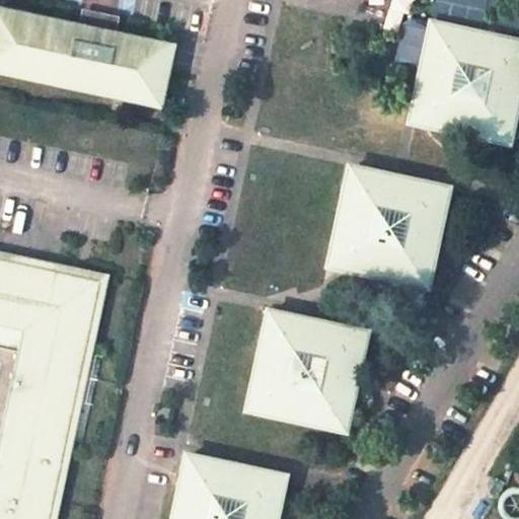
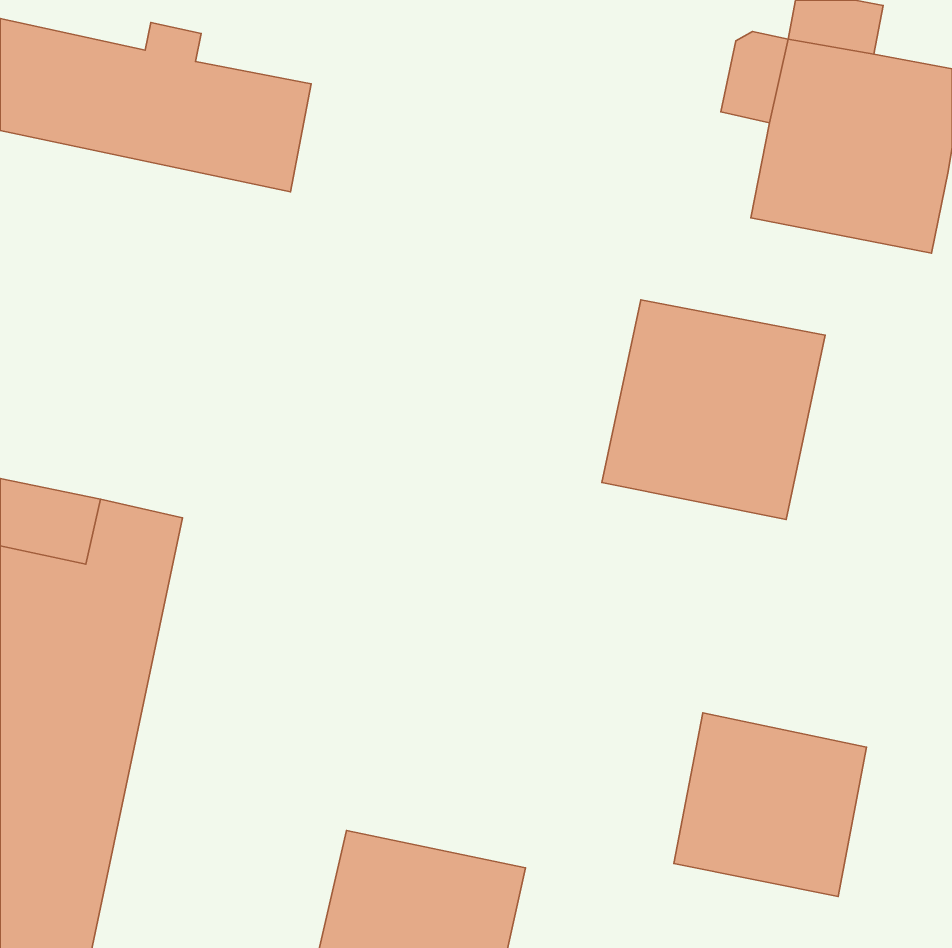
building: [248,310,366,429] -> none
building: none -> [674,713,866,896]

